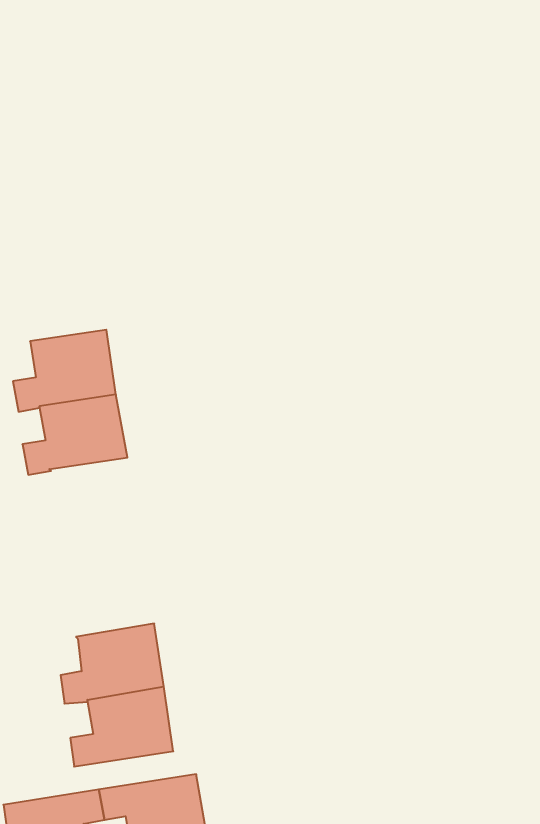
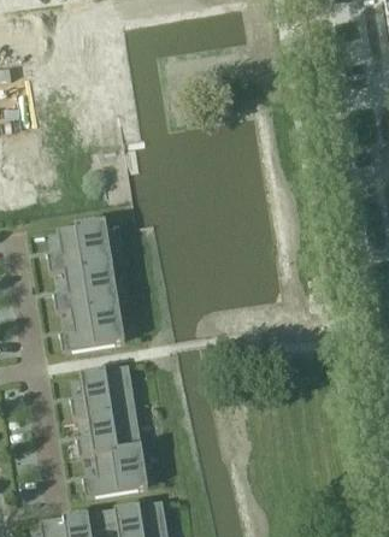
building: none -> [59,300,124,350]
building: none -> [69,364,135,415]

